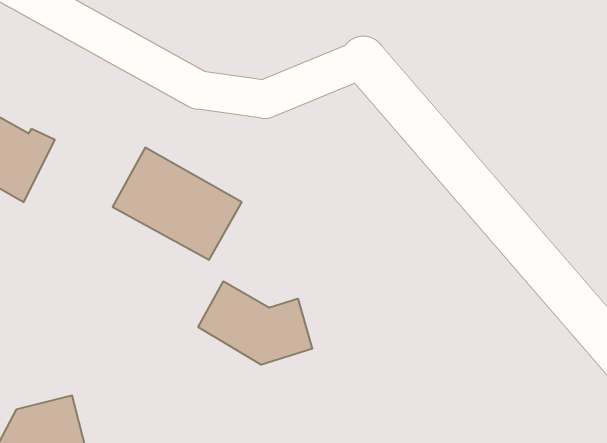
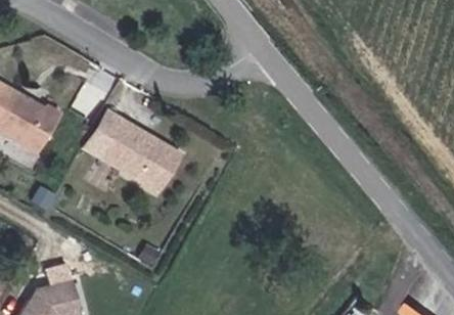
building: [198,281,312,365] -> none

